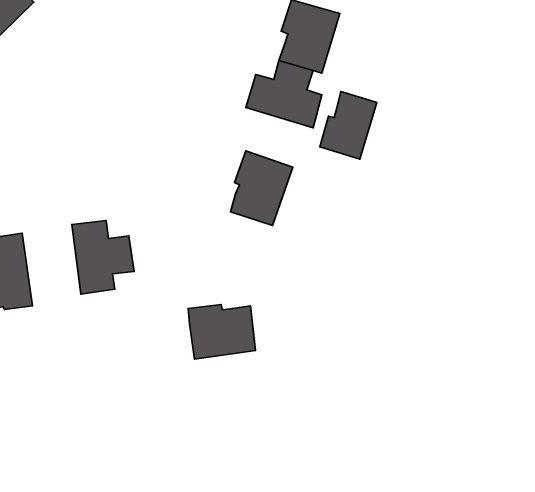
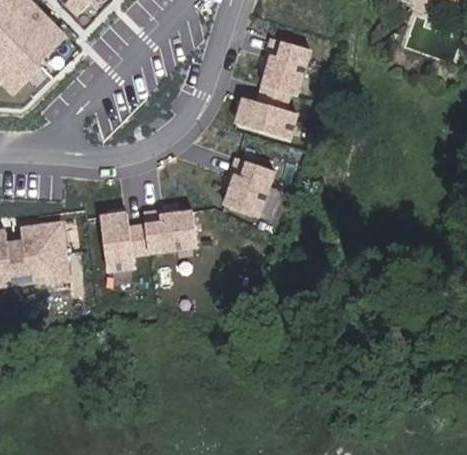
building: [320,92,377,159] -> none
building: [188,305,255,359] -> [143,209,196,252]

